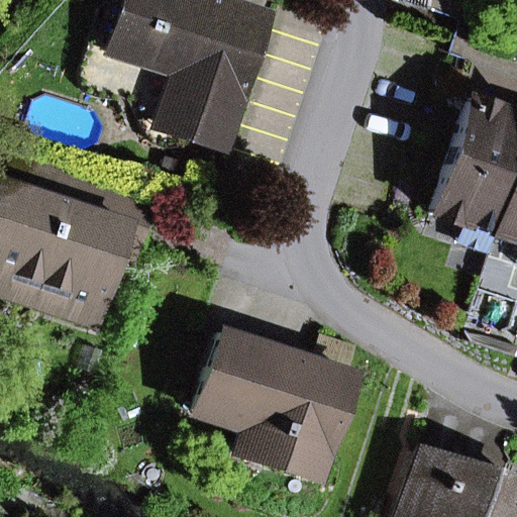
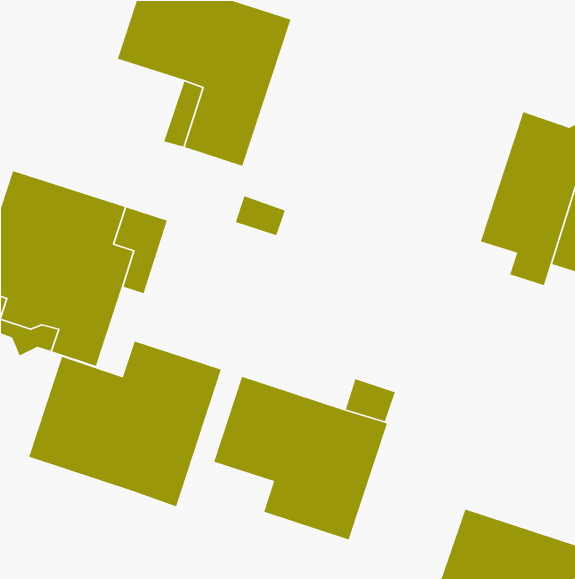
building: none -> [28,340,222,507]

